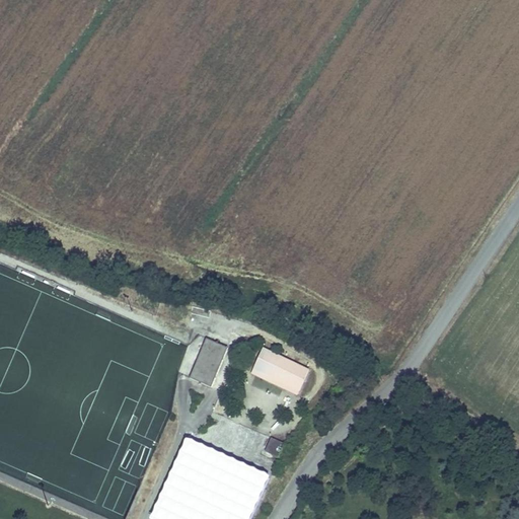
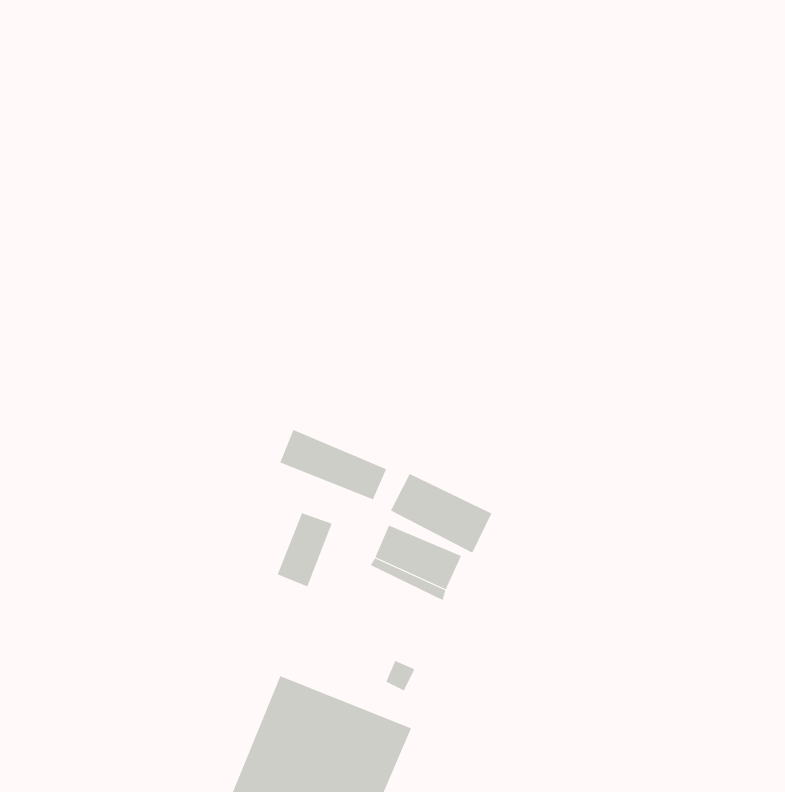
building: none -> [280,429,387,500]
building: none -> [390,473,492,554]

